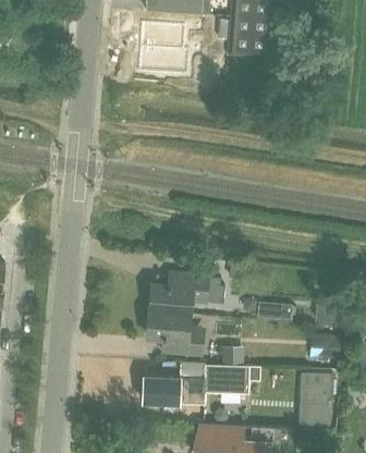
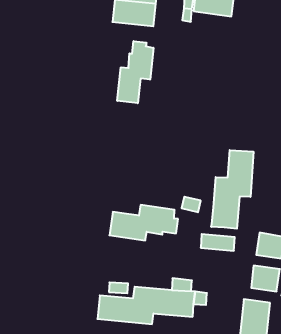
building: none -> [117,41,153,103]
building: none -> [211,150,253,229]
building: [147,309,202,354] -> none

